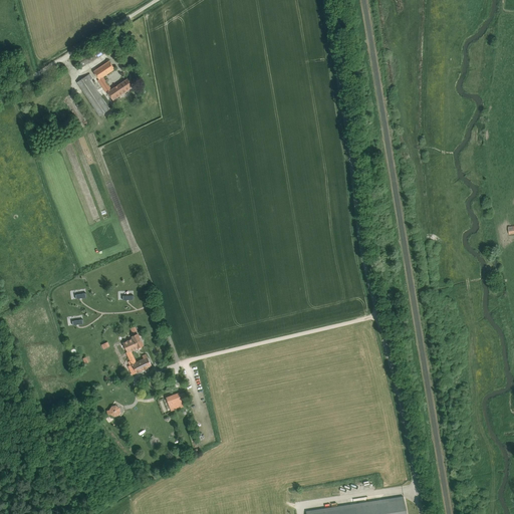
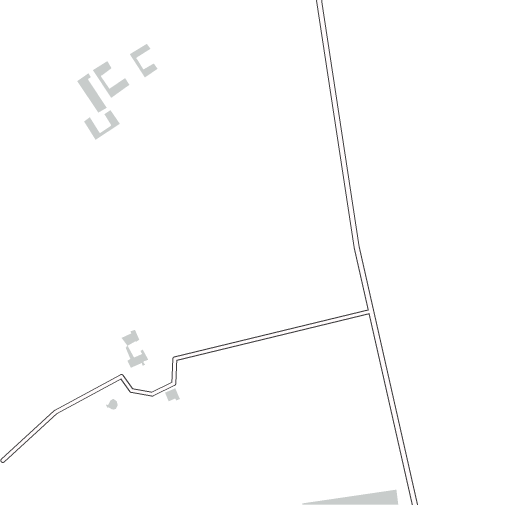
building: none -> [129,43,158,78]
building: none -> [83,109,121,141]

